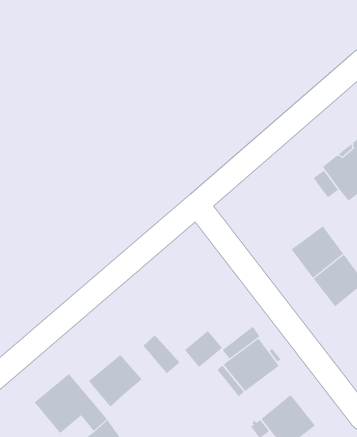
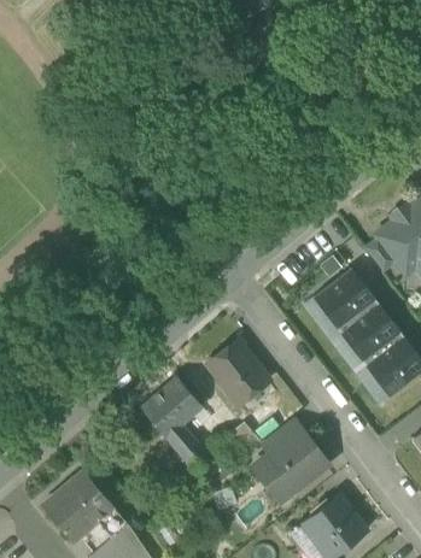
building: none -> [312,269,376,330]
building: none -> [207,341,268,404]
building: [88,354,143,407] -> [142,380,205,441]

